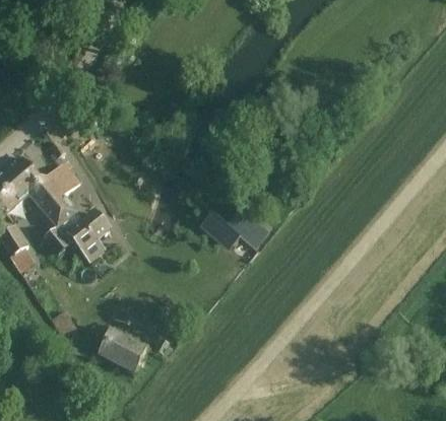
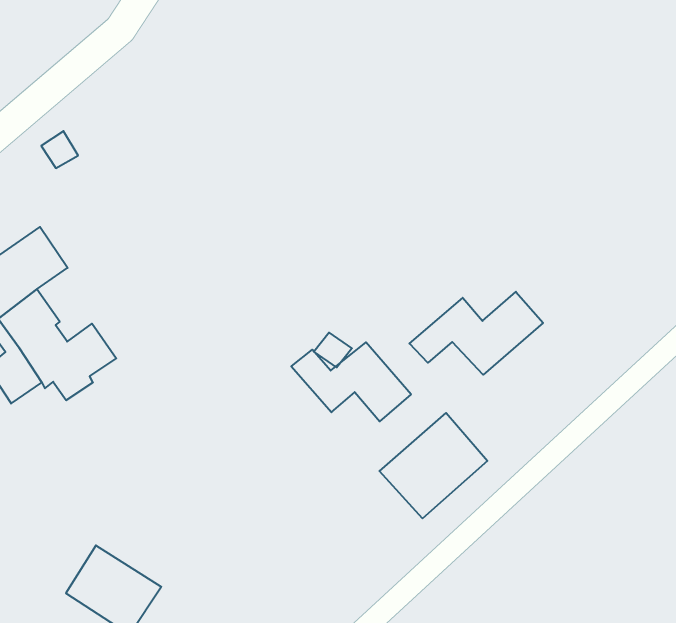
building: none -> [409,292,543,375]
building: none -> [379,413,487,518]

